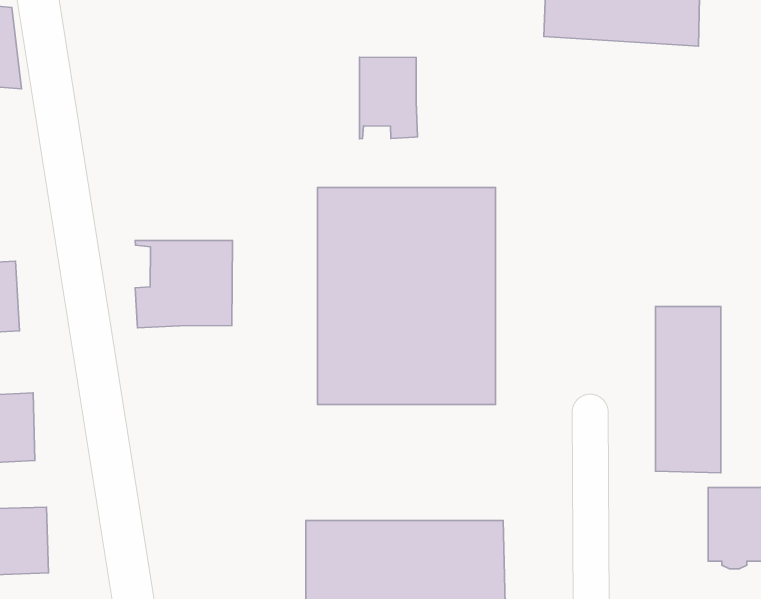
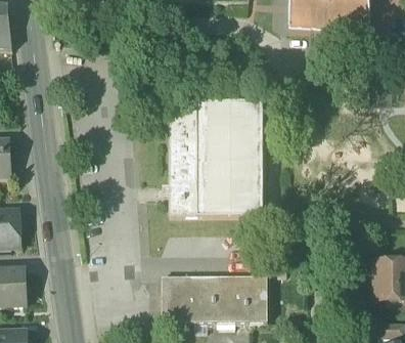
building: [359,57,418,139] -> none
building: [135,241,232,328] -> none
building: [655,307,721,473] -> none

